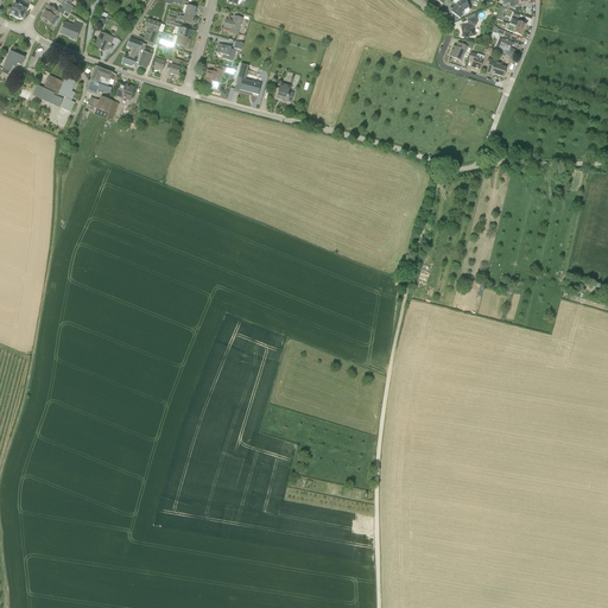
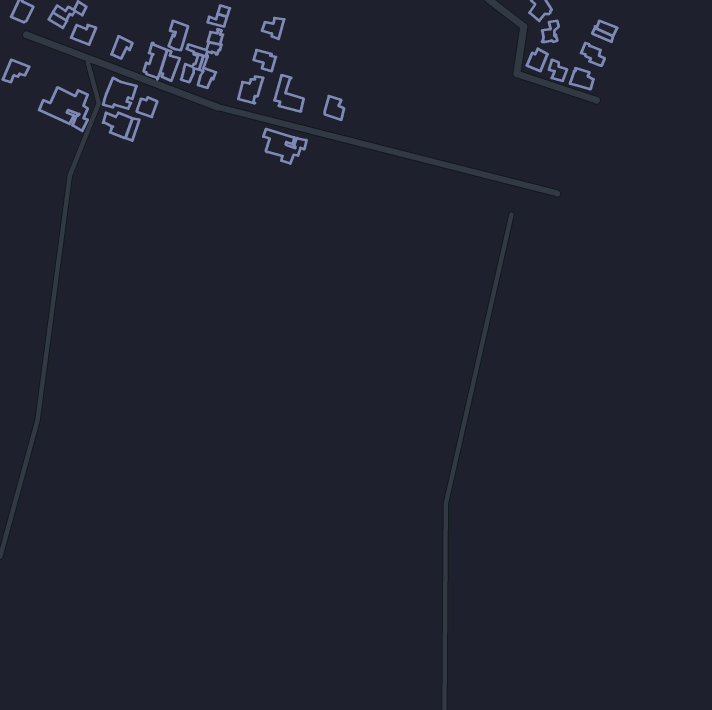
building: none -> [263,129,306,164]

